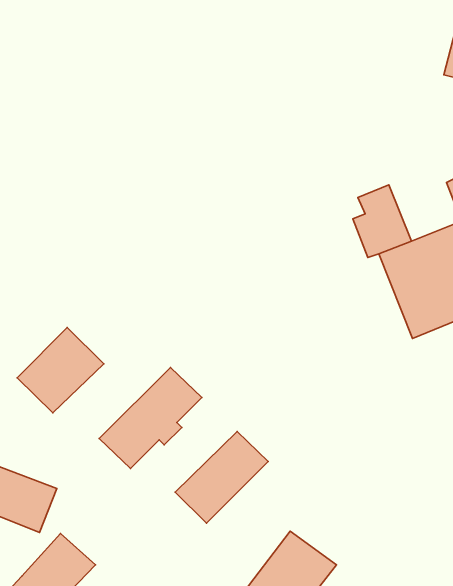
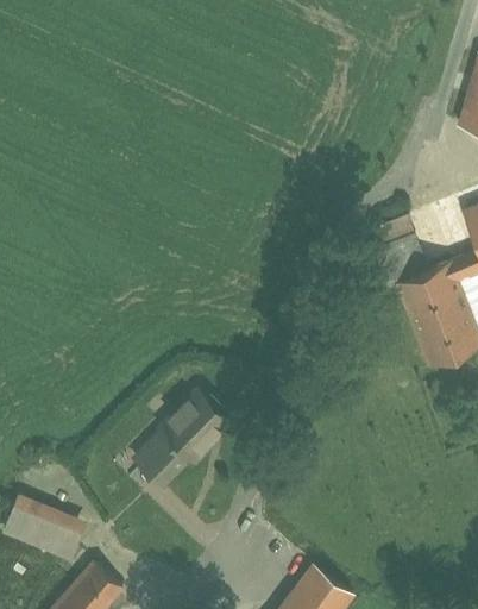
building: [17,327,104,413] -> none
building: [175,432,268,523] -> none

